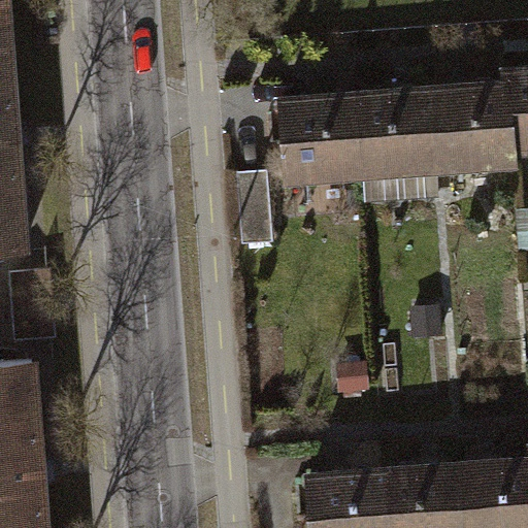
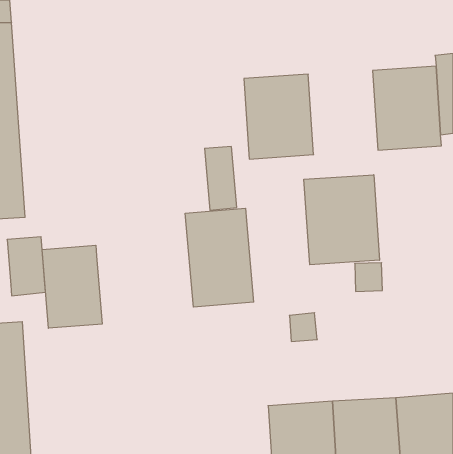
building: [356,85,436,182] -> none
building: none -> [304,175,379,265]
building: none -> [185,208,254,307]
building: none -> [42,245,102,328]

